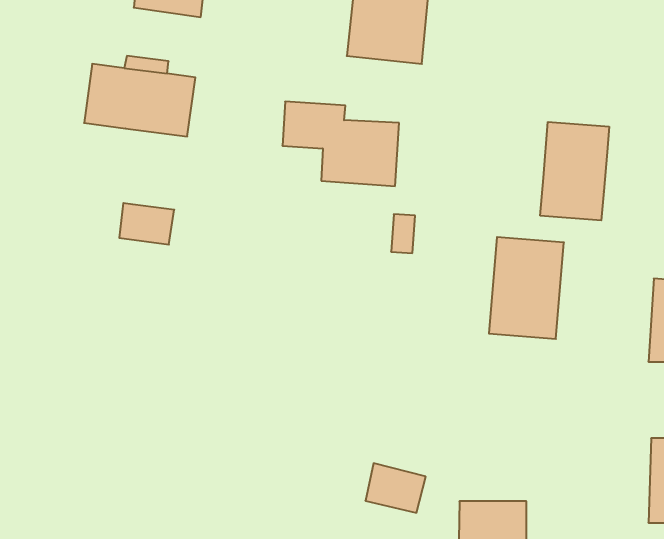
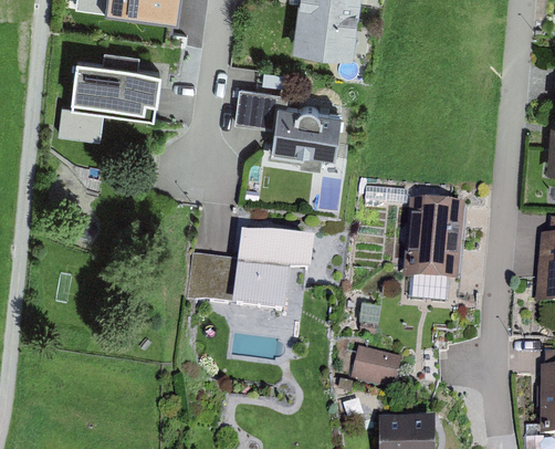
building: [540,122,609,220] -> none
building: [119,203,174,245] -> [60,103,105,137]
building: none -> [188,231,315,311]
building: [365,463,426,513] -> [353,345,402,386]

